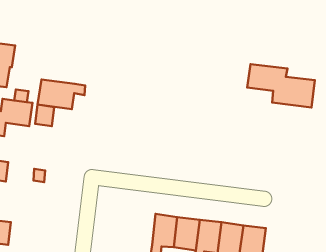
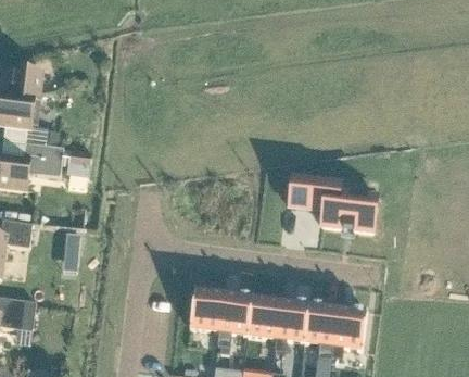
building: [247,64,315,108] -> [288,174,376,230]
building: [38,80,85,109] -> none
building: none -> [188,287,223,330]

